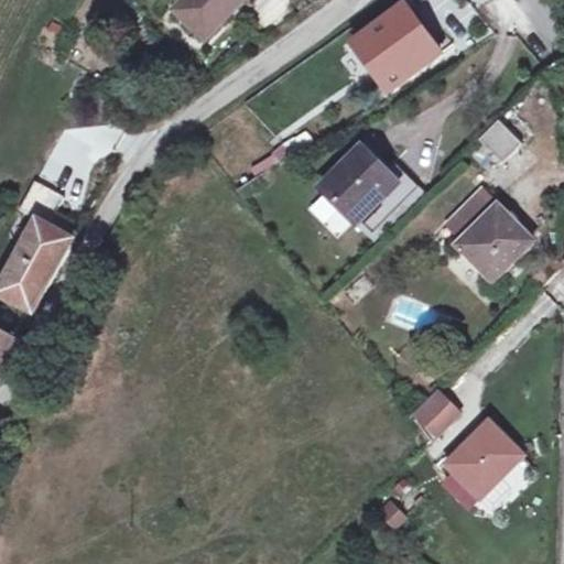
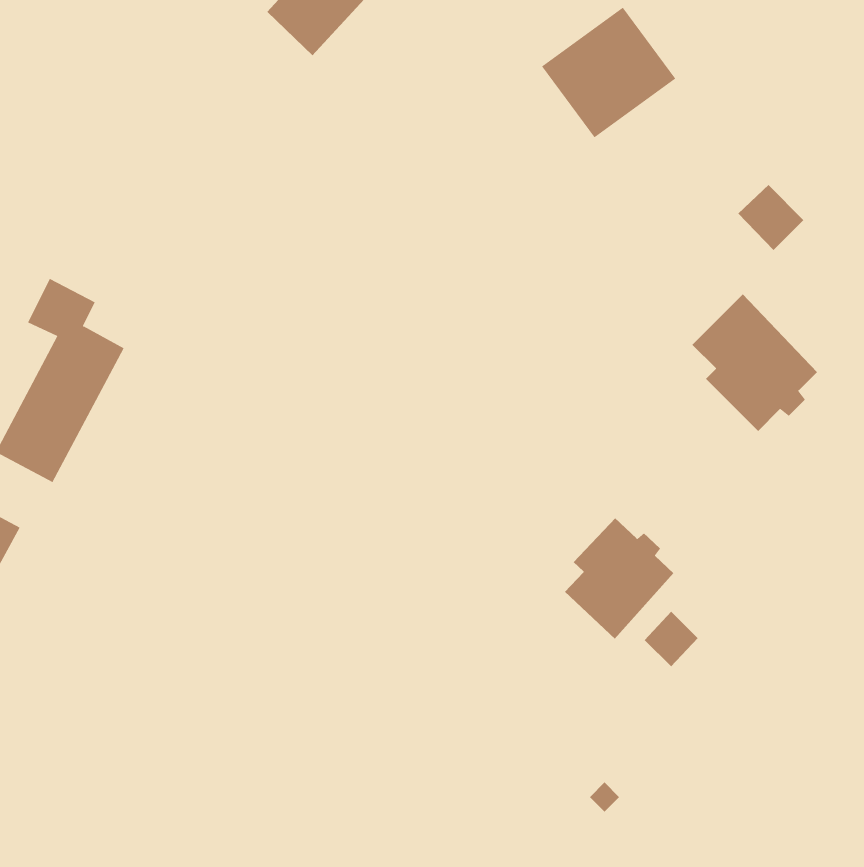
building: [317,147,417,241] -> none
building: none -> [564,518,674,640]
building: [443,421,517,496] -> none

